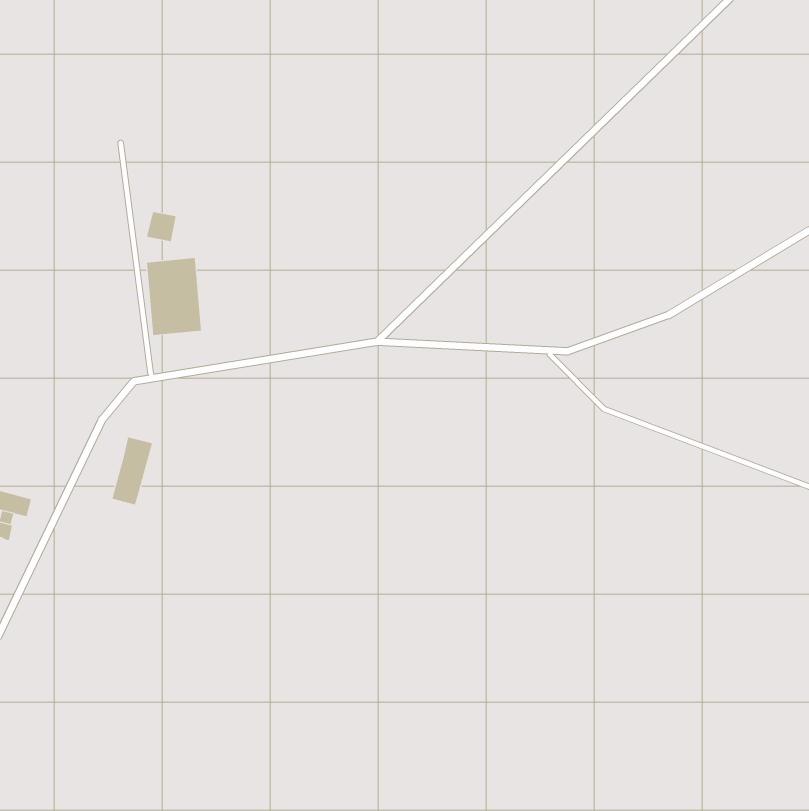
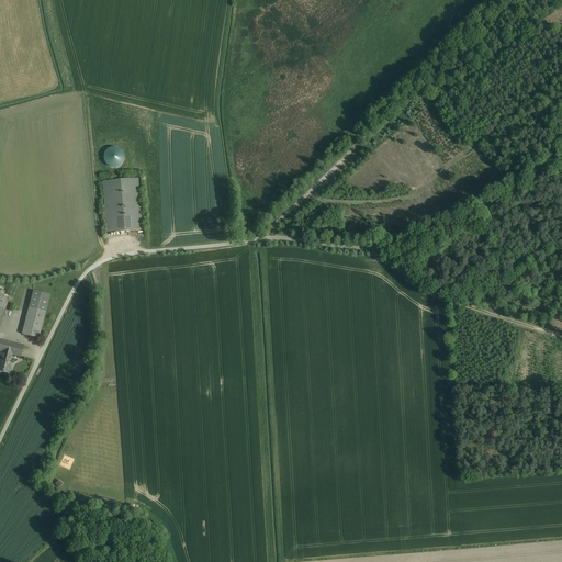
building: [112,437,153,505] -> [20,290,48,337]

